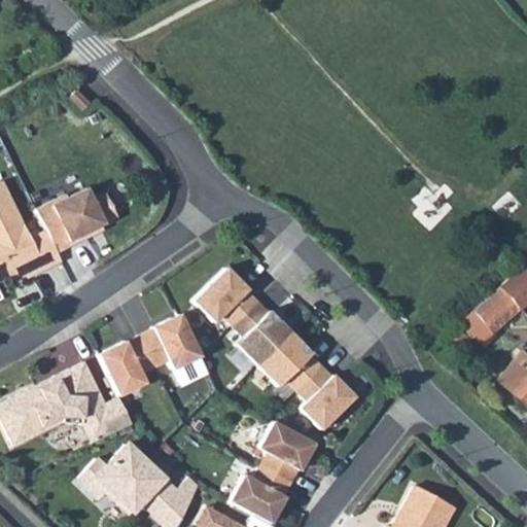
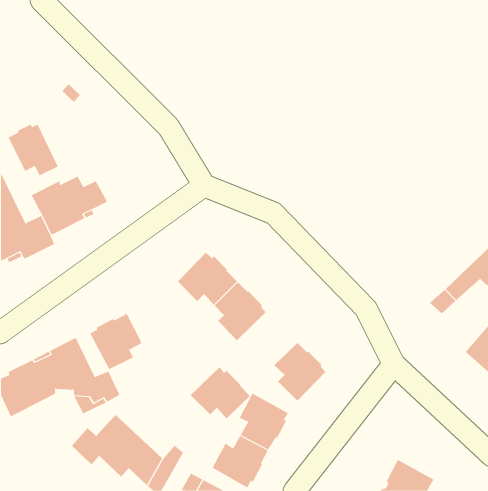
building: none -> [8,124,59,176]
building: [140,316,202,370] -> none
building: [257,335,322,391] -> [190,366,251,419]

